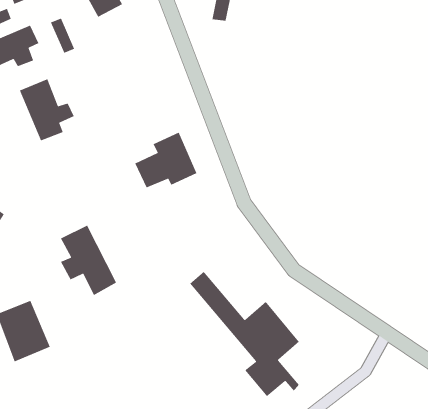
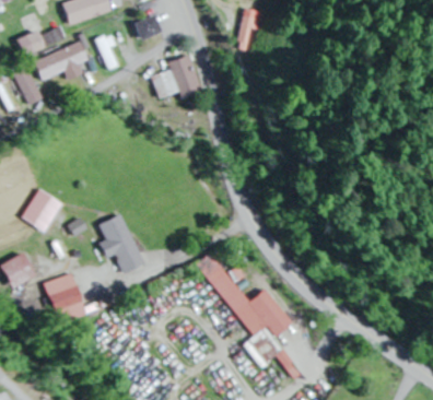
building: [19,78,75,141] -> none
building: [134,132,197,189] -> [153,54,206,99]

